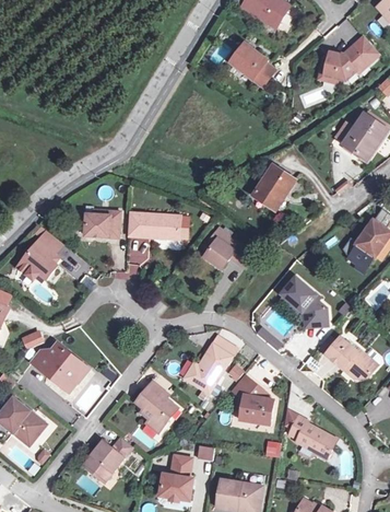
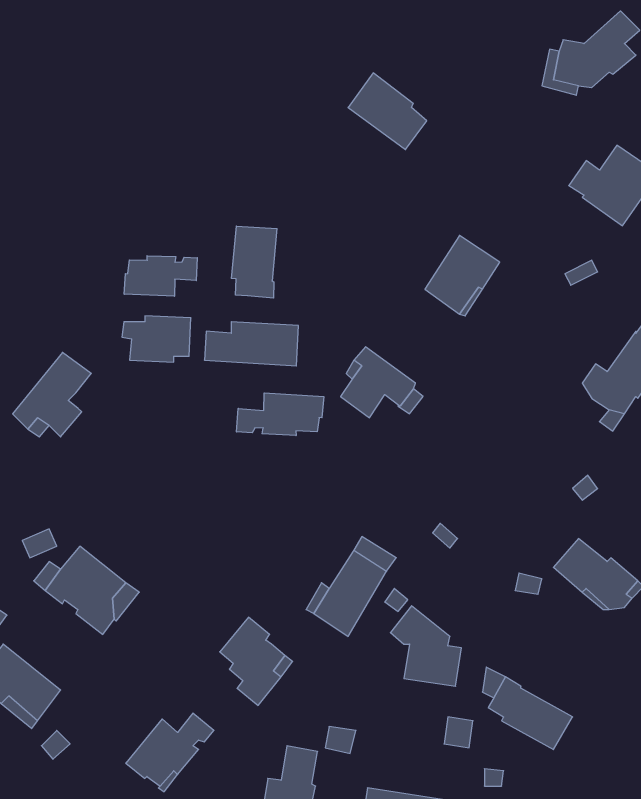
building: [231,43,275,86] -> [348,73,427,150]
building: none -> [231,226,277,298]
building: none -> [124,256,197,296]
building: none -> [237,393,324,436]
building: [281,277,327,326] -> none

